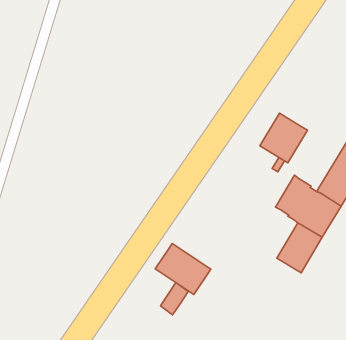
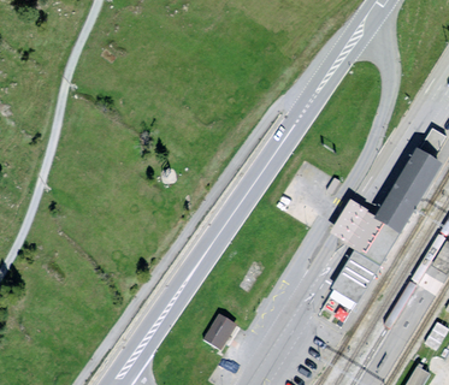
building: [260,113,307,163] -> none
building: [155,244,211,295] -> none

